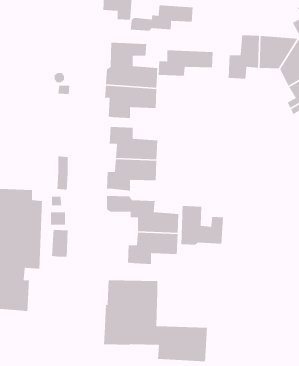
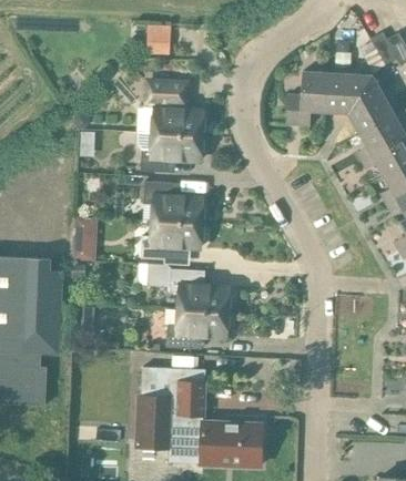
building: [130,5,194,31] -> none
building: [158,50,214,77] -> none
building: [181,205,224,246] -> none

